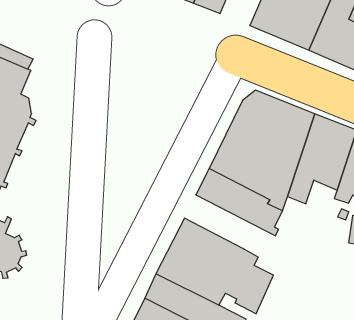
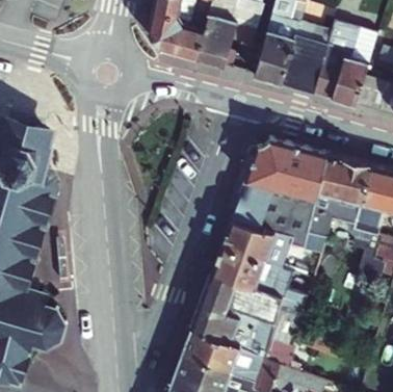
building: none -> [211,247,302,295]

